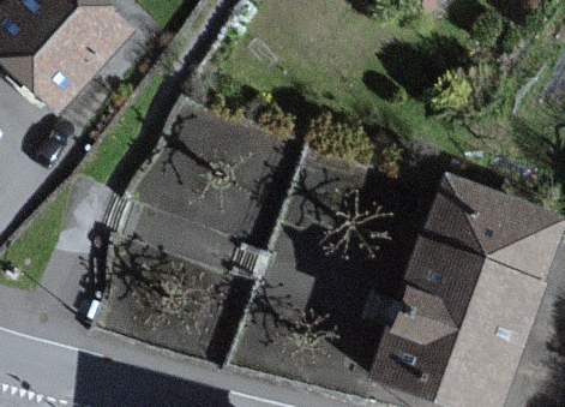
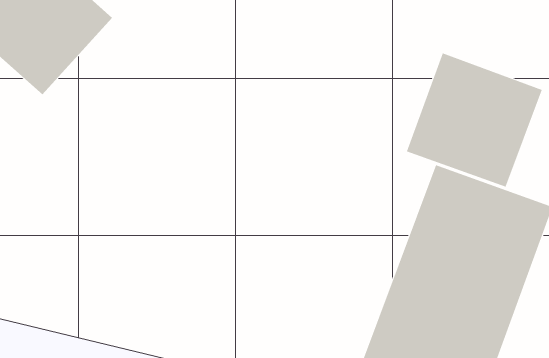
building: none -> [406,53,543,188]

